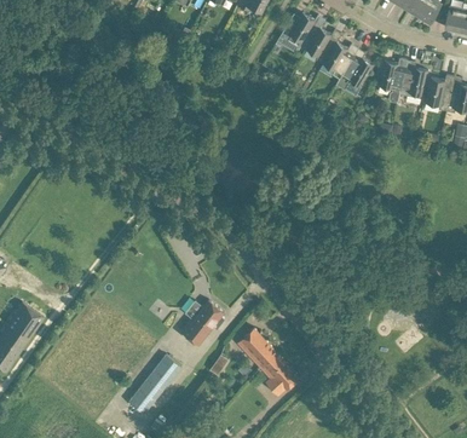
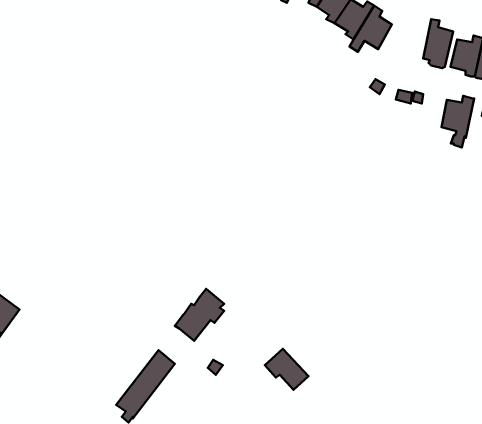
building: [380,58,409,104] -> [441,96,474,147]
building: [238,328,277,368] -> none

